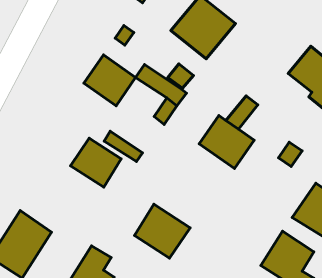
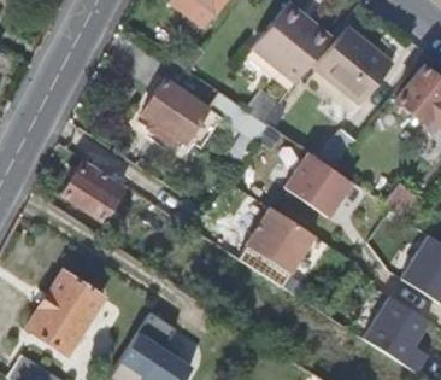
building: none -> [317,31,393,107]
building: [70,138,121,187] -> [63,159,125,220]
building: [134,204,190,258] -> [246,206,314,273]

